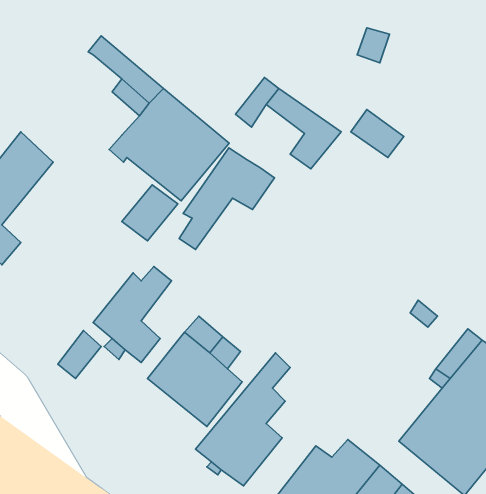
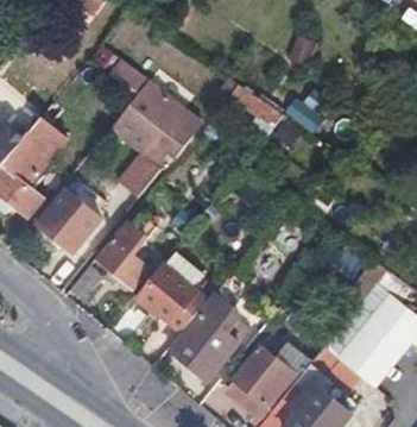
building: [179,148,275,250] -> none
building: none -> [39,190,100,252]

